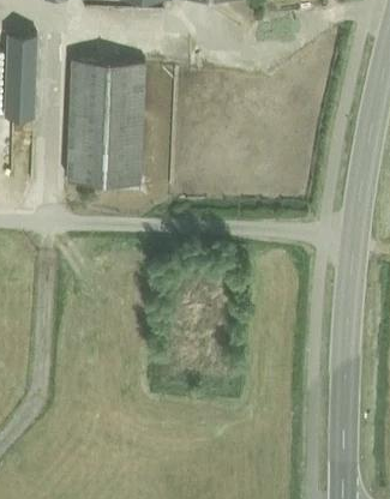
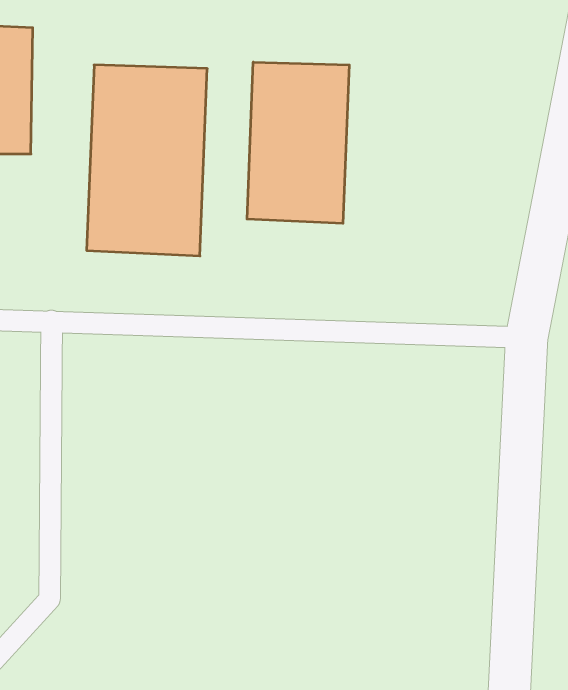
building: none -> [247,62,349,223]

